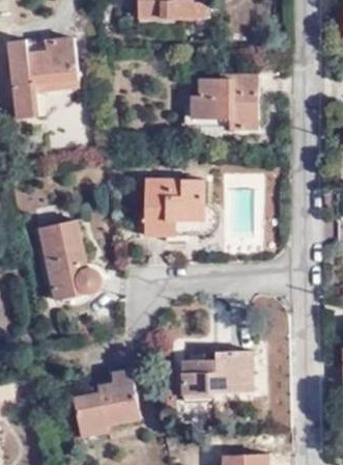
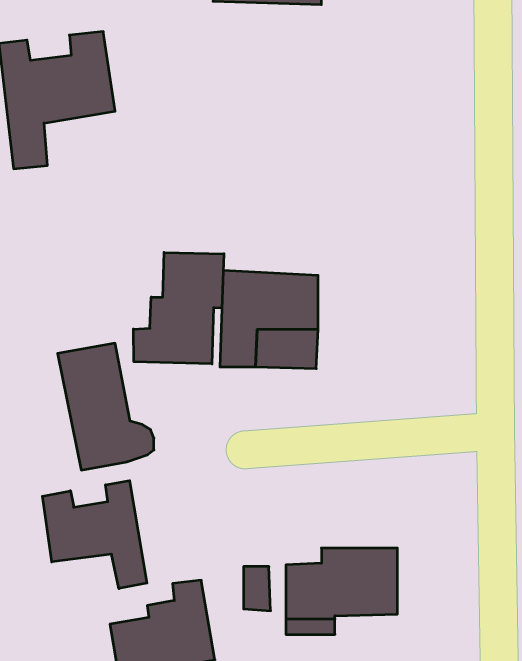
building: [193,76,260,129] -> none
building: none -> [133,252,224,364]
building: none -> [42,481,147,589]

